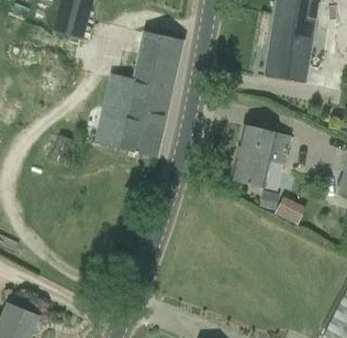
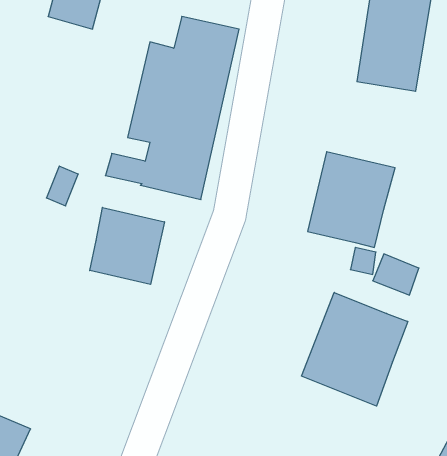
building: none -> [90,207,164,284]
building: none -> [302,292,408,406]

